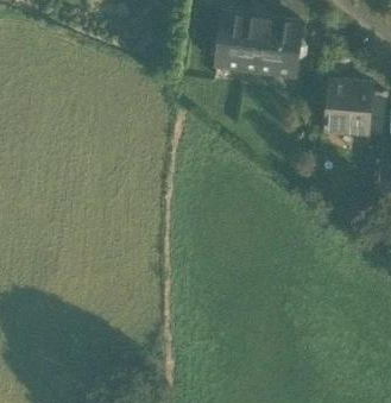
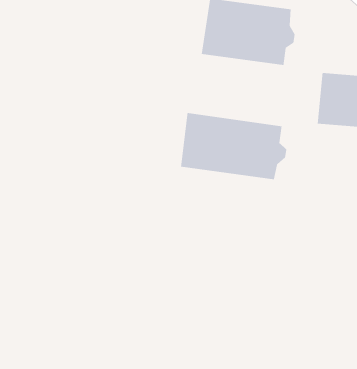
building: none -> [180,112,287,180]

